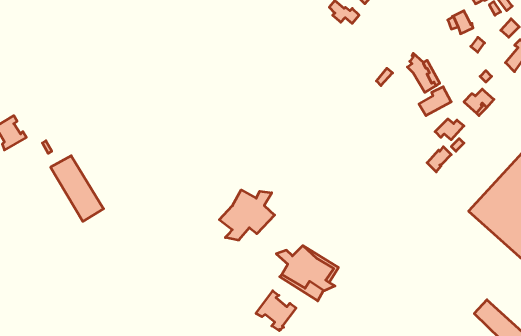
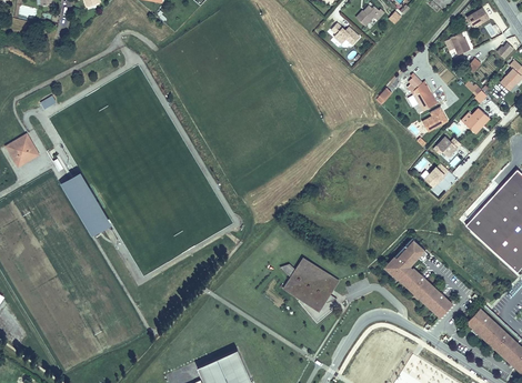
building: [219,190,275,240] -> none
building: none -> [387,243,452,316]
building: [256,291,296,331] -> none

